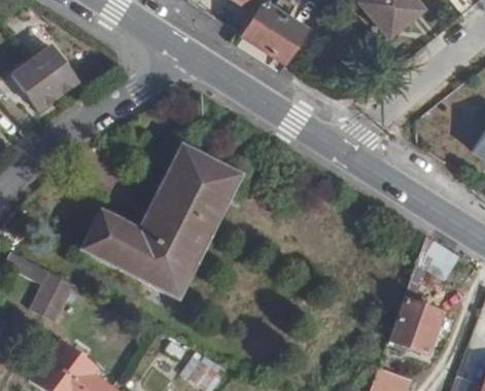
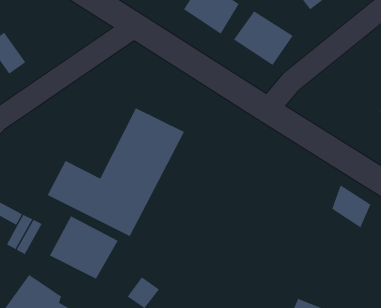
building: none -> [233,10,293,66]
building: [29,46,72,95] -> none
building: none -> [49,216,119,280]
building: [387,303,443,361] -> none

